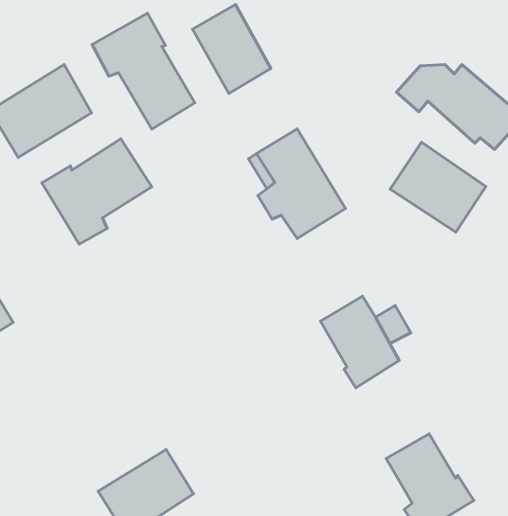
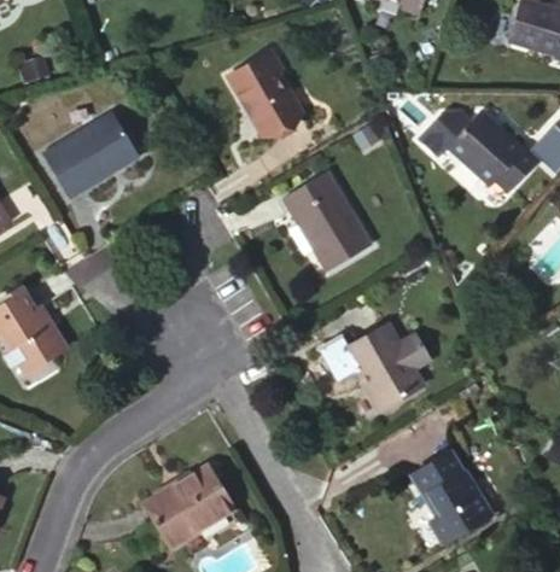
building: [92,13,195,129] -> none
building: [42,139,152,244] -> none
building: [390,142,486,232] -> none

